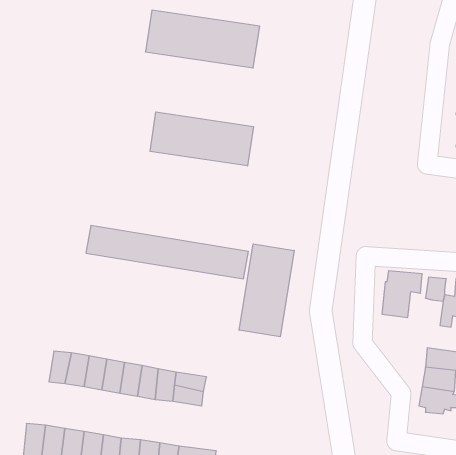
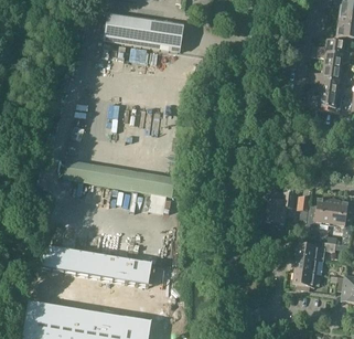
building: [150,112,253,166] -> none
building: [239,244,294,337] -> none

